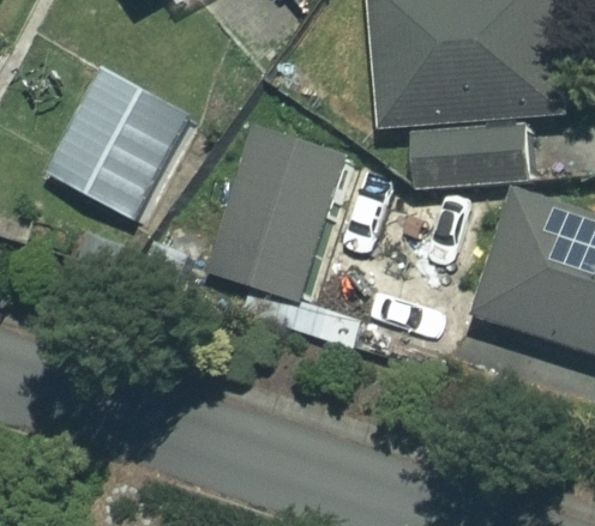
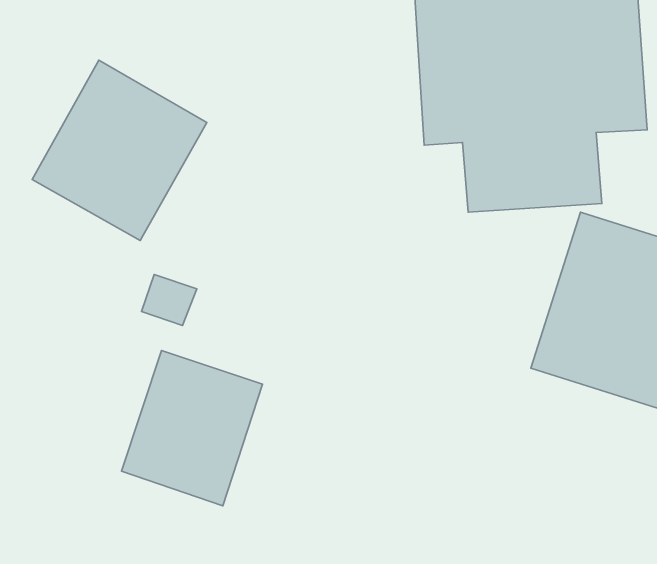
building: [199,122,349,303] -> none
building: none -> [121,351,262,506]

